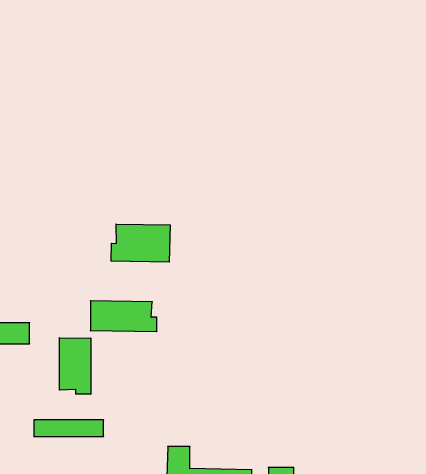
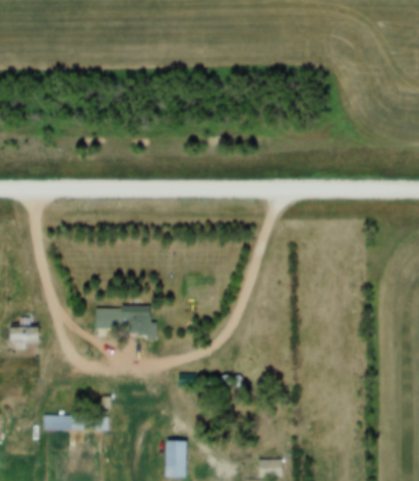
building: [111,224,170,262] -> none
building: [59,338,91,394] -> none

